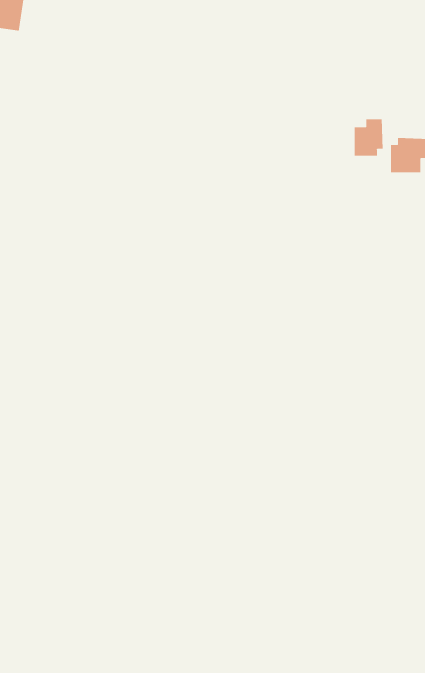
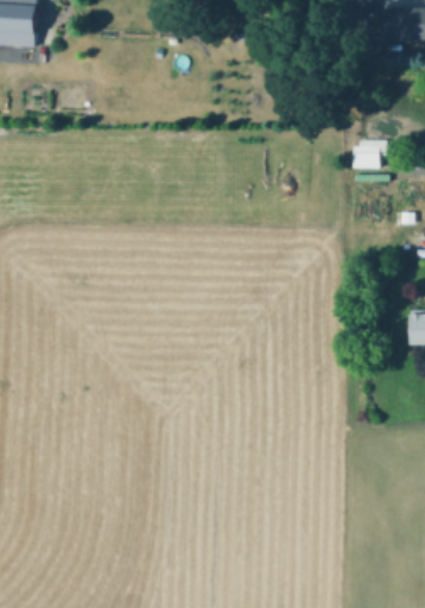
building: [354,118,383,156] -> none

